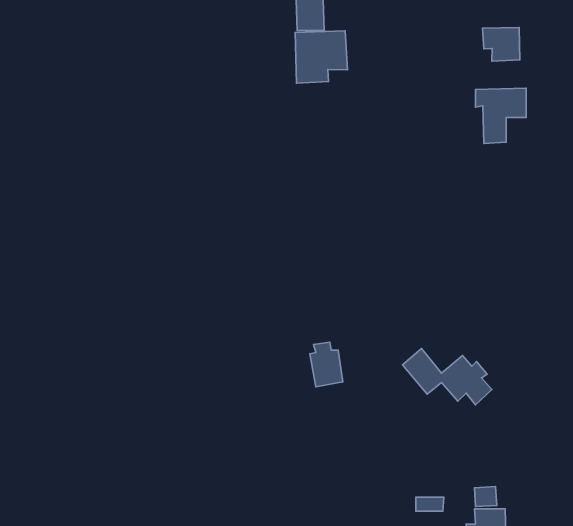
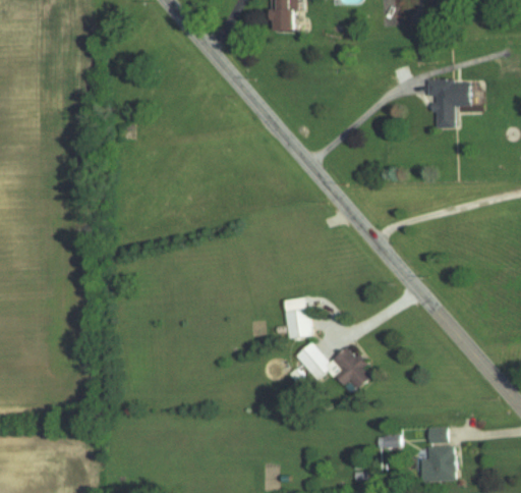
building: [483,27,520,61] -> none
building: [295,31,348,83] -> none
building: [403,348,492,405] -> [295,341,372,390]

